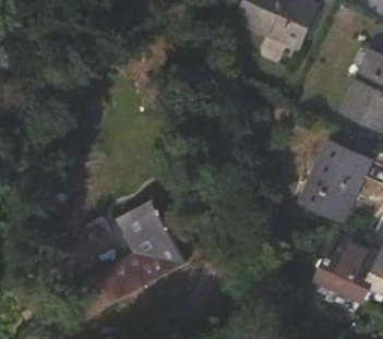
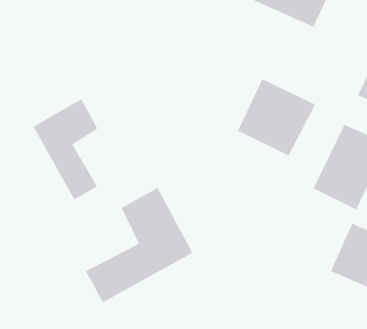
building: none -> [237,78,316,156]
building: none -> [33,99,98,201]

